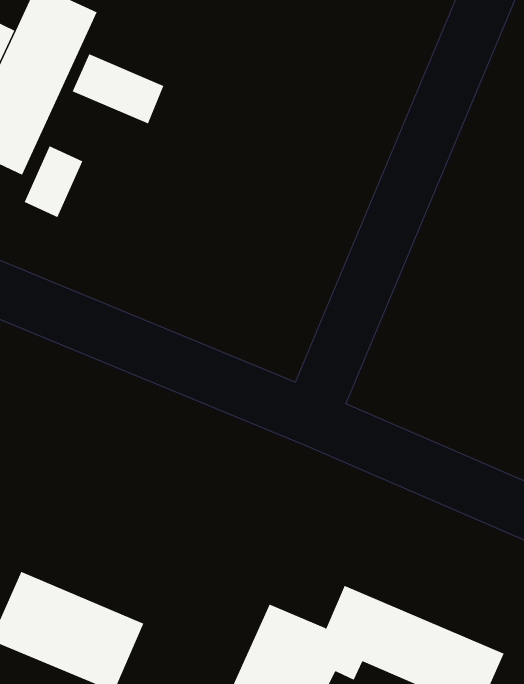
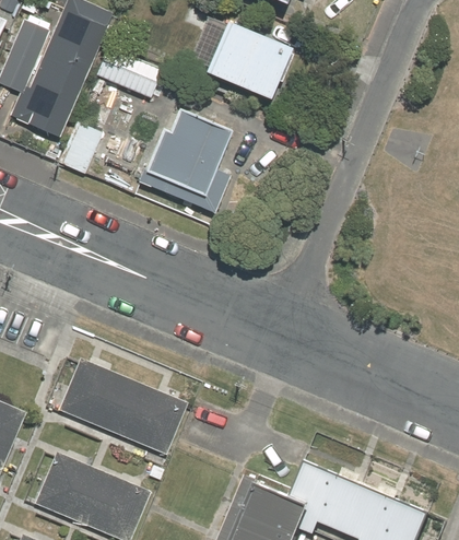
building: none -> [203,28,295,111]
building: none -> [143,107,233,203]
building: none -> [58,357,187,454]

